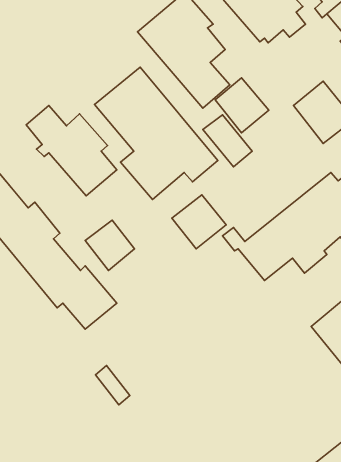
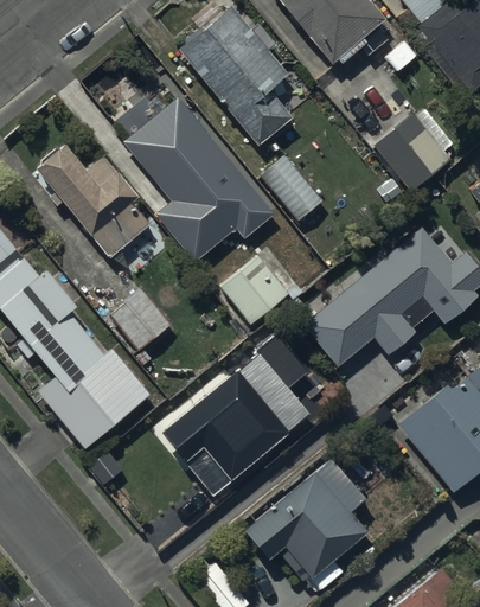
building: [215,78,269,133] -> none
building: none -> [160,333,311,497]
building: none -> [242,456,369,584]

